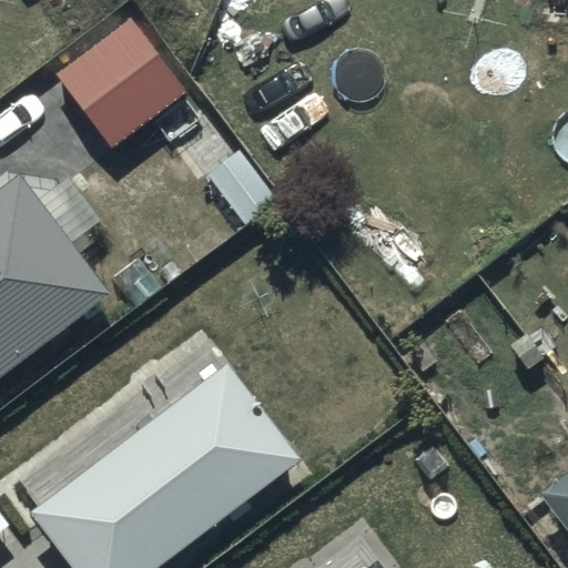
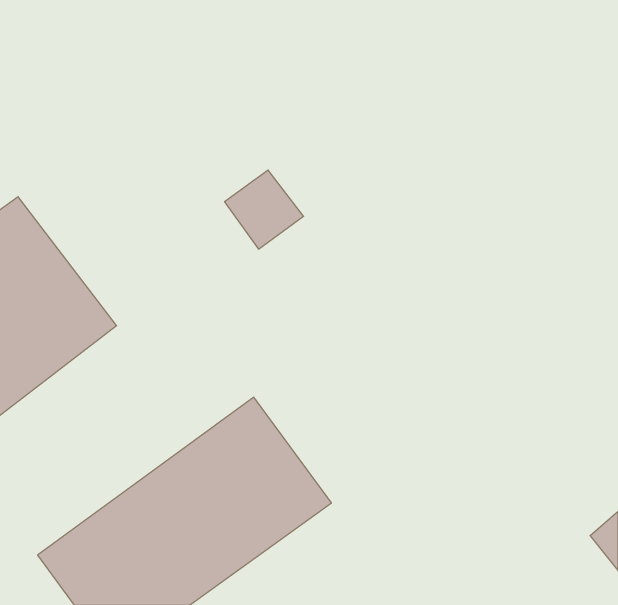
building: [54,19,183,148] -> none

